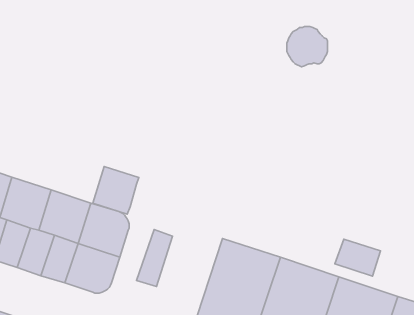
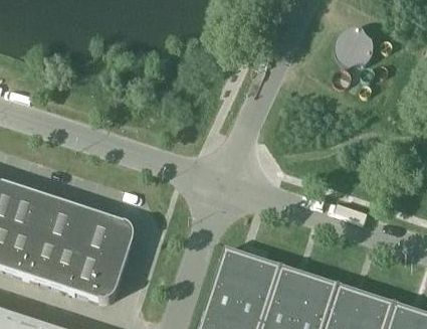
building: [287,26,327,67] -> [335,24,374,63]
building: [93,167,139,214] -> none
building: [137,230,173,287] -> none
building: [335,239,380,276] -> none

